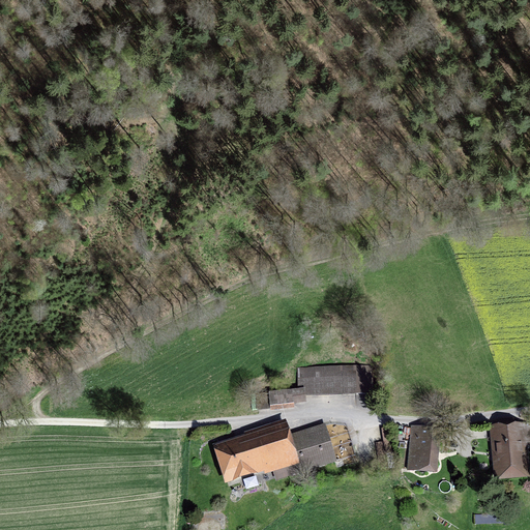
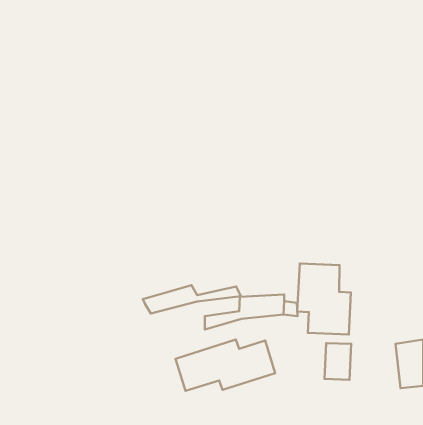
building: none -> [297,263,351,335]
building: none -> [143,285,241,314]

